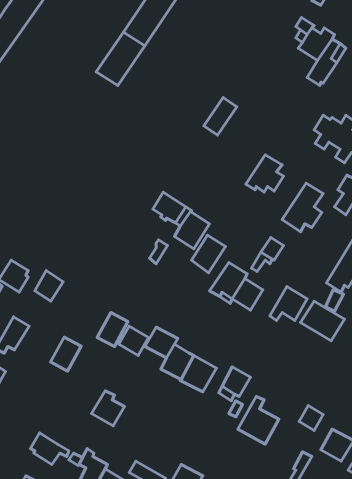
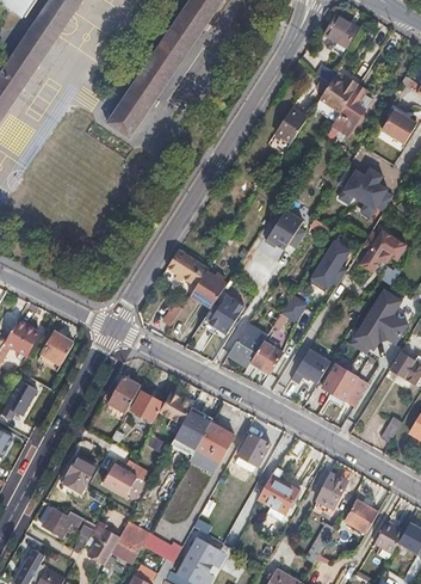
building: [204,98,237,135] -> [272,107,307,147]
building: [50,337,81,371] -> [63,454,95,490]

